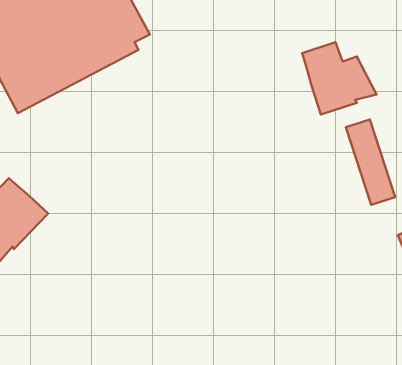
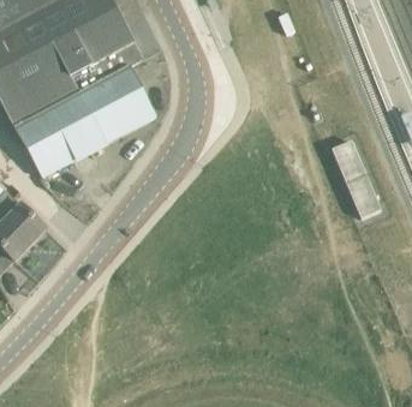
building: [302,42,376,115] -> none
building: none -> [19,72,156,175]

